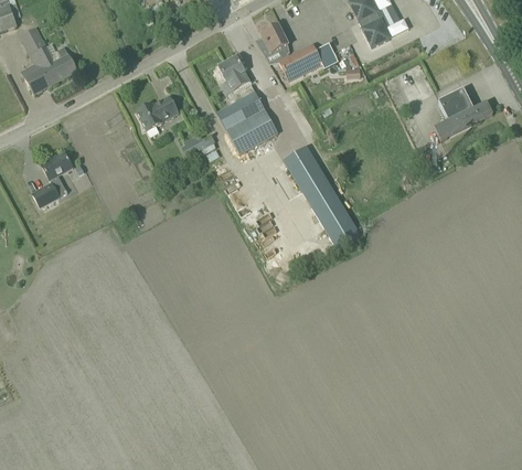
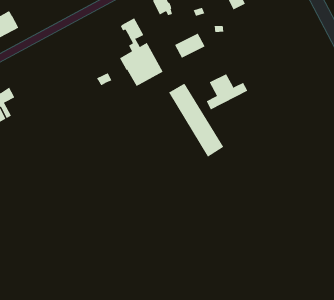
building: [279,44,322,79] -> [174,33,205,59]
building: [433,87,491,138] -> [206,73,248,110]
building: [136,97,179,129] -> none

